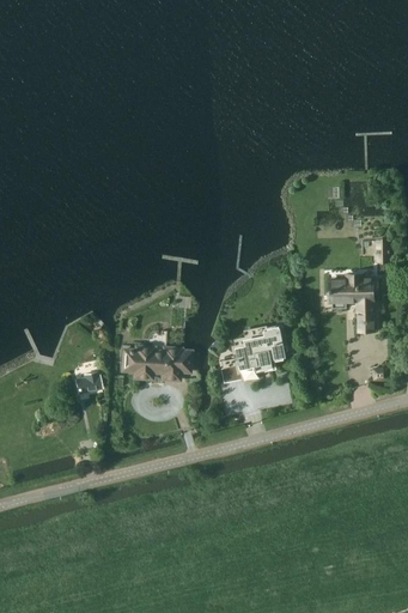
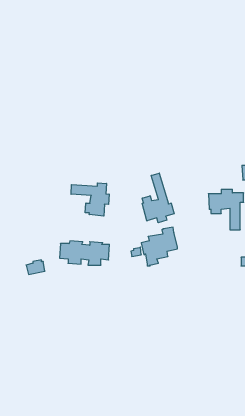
building: none -> [142,173,174,223]
building: none -> [71,183,109,216]

